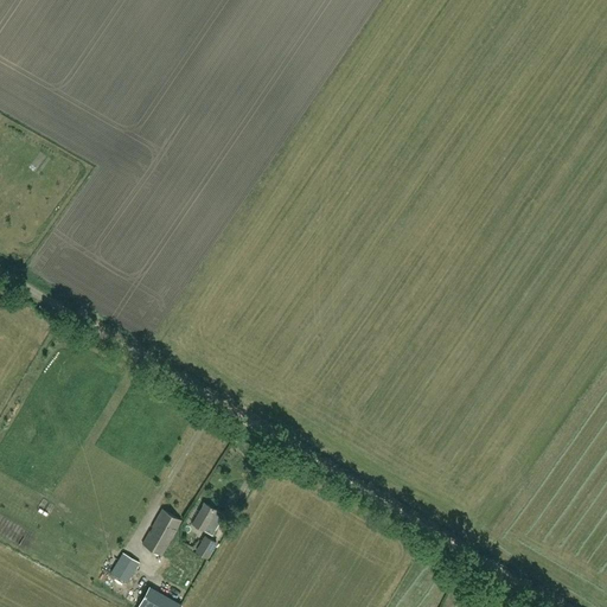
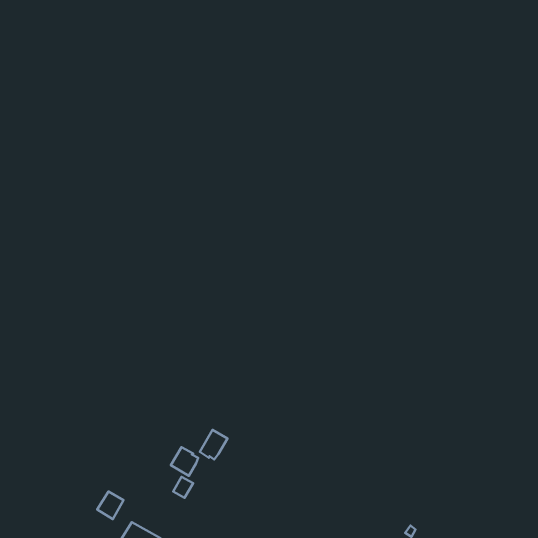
building: none -> [200,430,228,460]
building: [141,510,180,556] -> none

